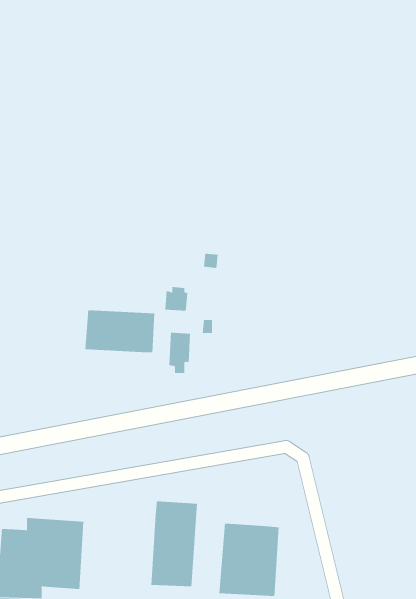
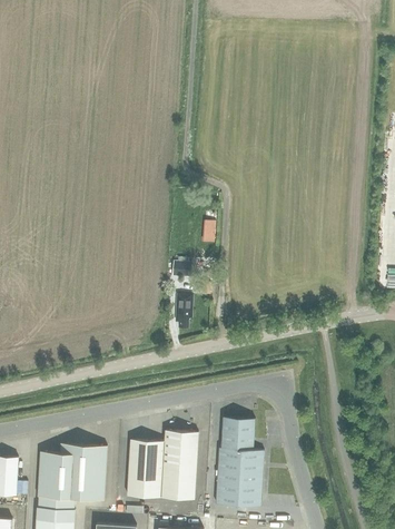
building: [85,310,155,353] -> none
building: none -> [220,417,255,450]
building: none -> [127,440,164,498]

